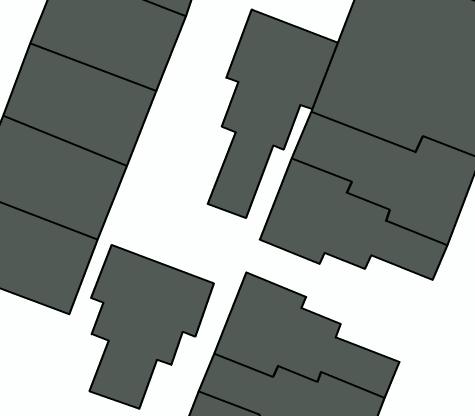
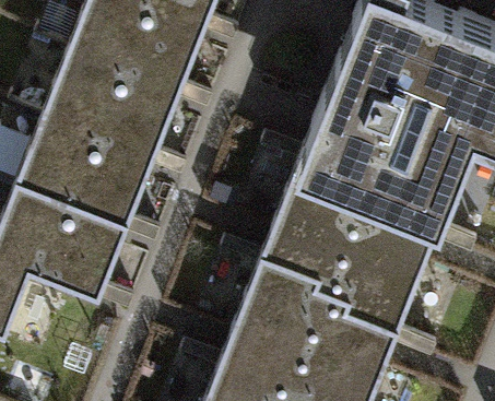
building: [208,9,338,218] -> none
building: none -> [259,226,425,335]
building: [90,245,214,409] -> none

